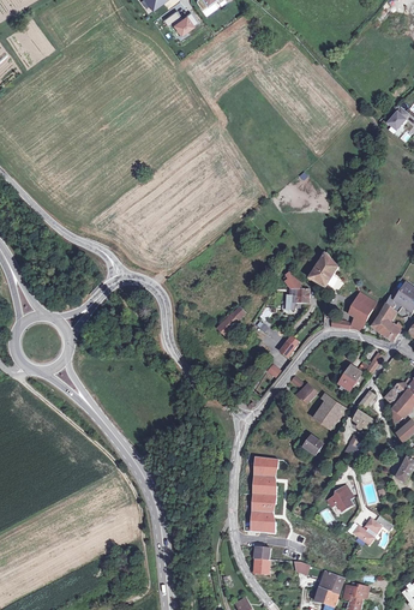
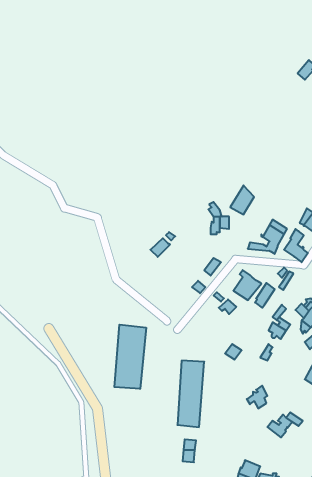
building: [314,393,347,427] -> [233,270,261,300]
building: none -> [114,325,146,389]

